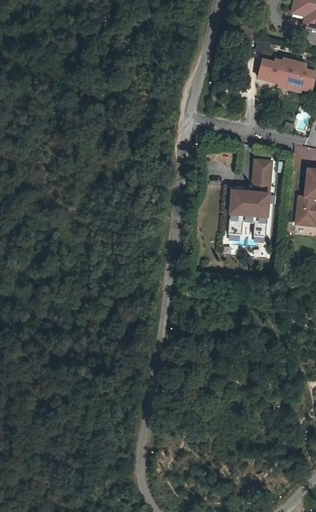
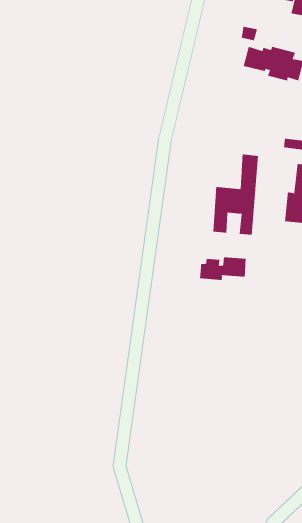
building: none -> [199,256,246,281]

